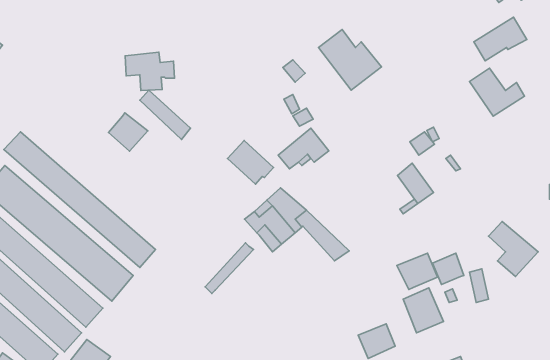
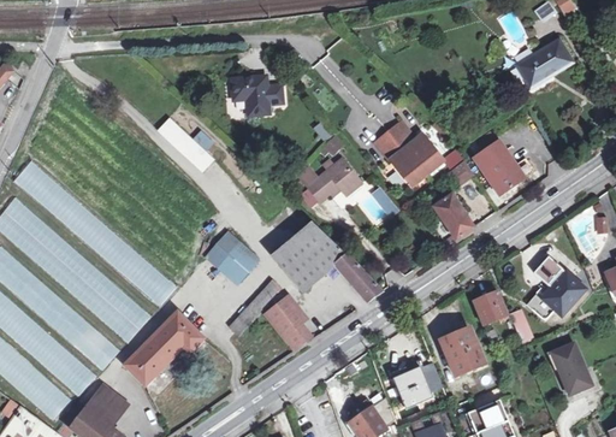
building: [318,30,381,90] -> [375,122,443,187]
building: [125,52,175,91] -> [230,75,283,116]
building: [469,68,525,116] -> [475,142,534,194]
building: [108,113,148,151] -> none
building: [227,140,274,184] -> [208,234,257,280]
building: [397,253,438,289] -> none
building: none -> [263,294,307,350]
building: none -> [125,314,201,383]
building: none -> [550,343,592,396]

